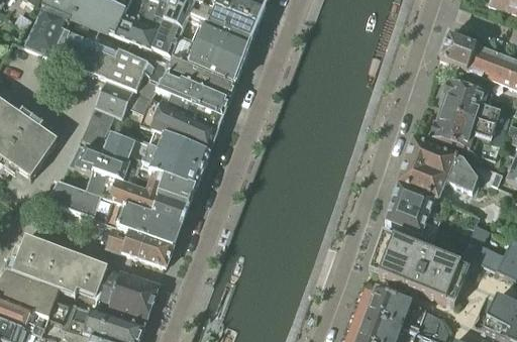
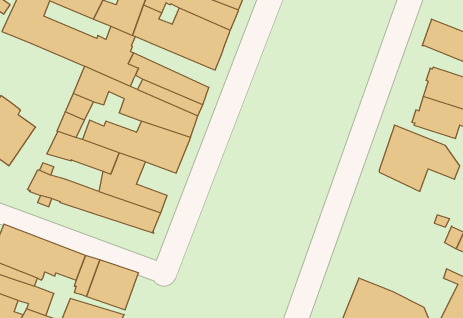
building: [150,55,234,99] -> none
building: [86,170,123,202] -> none
building: [157,173,196,206] -> none
building: [385,183,441,238] -> none
building: [105,223,174,264] -> none
building: [368,230,469,304] -> none

